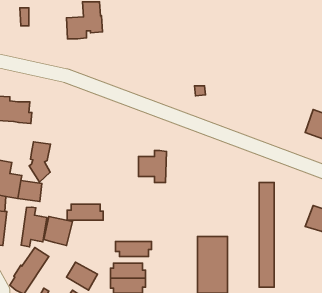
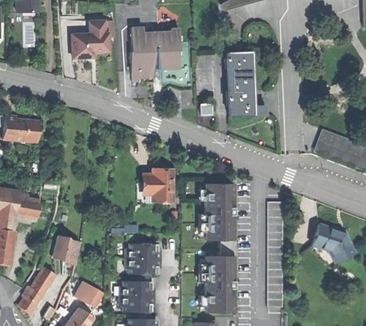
building: none -> [133,25,183,80]
building: none -> [227,52,267,117]
building: [29,142,50,182] -> none
building: none -> [204,184,234,241]
building: [67,204,103,220] -> [123,245,159,261]
building: [21,207,47,247] -> none

